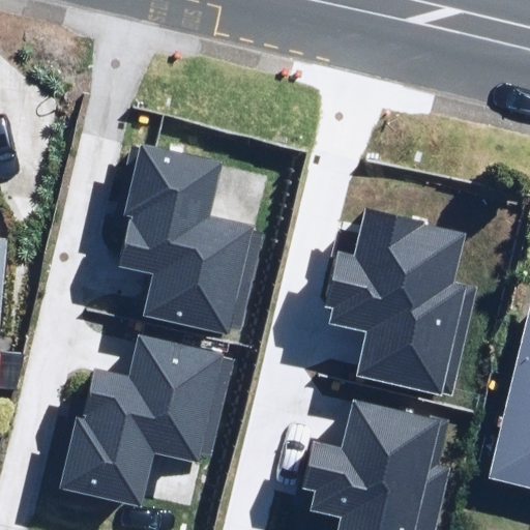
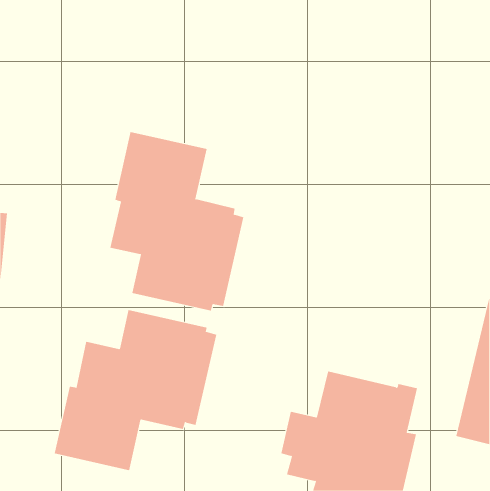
building: [323,207,475,396] -> none

